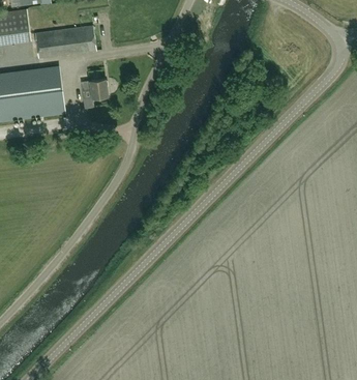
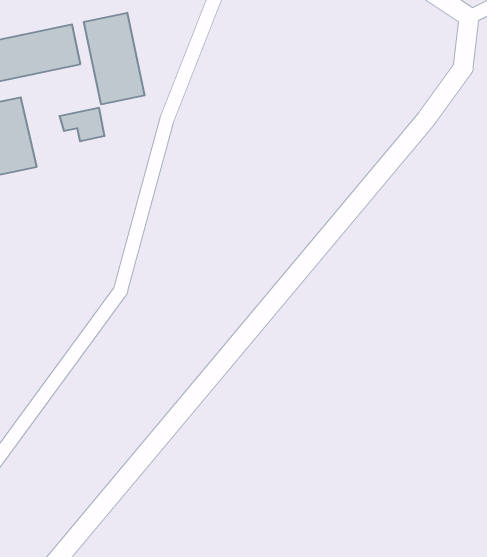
building: none -> [84,13,145,104]

